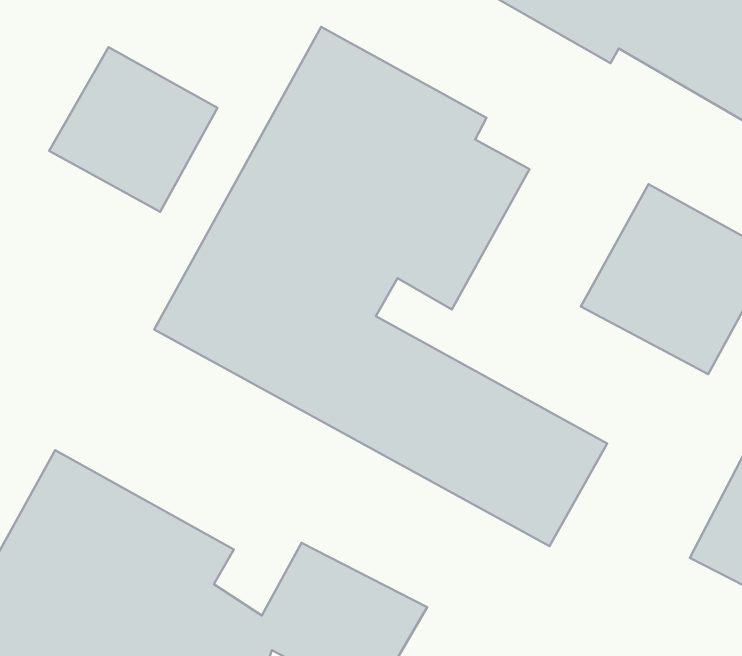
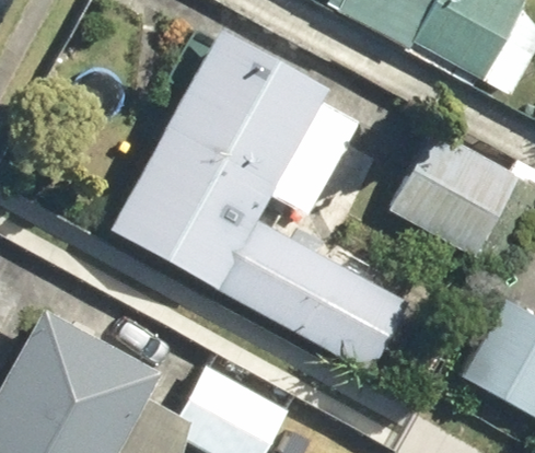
building: [49,47,218,212] -> none

